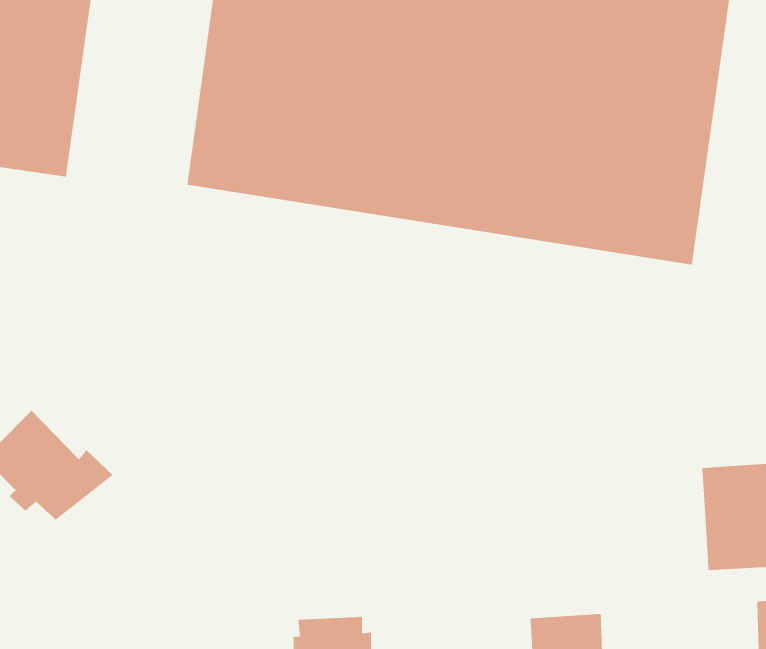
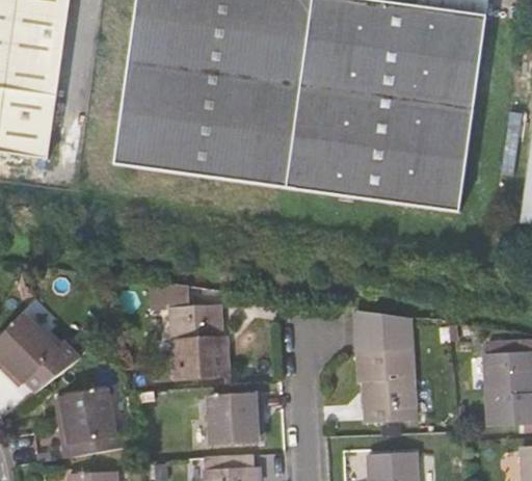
building: none -> [133,286,224,378]
building: none -> [353,311,411,422]
building: none -> [66,389,129,455]
building: none -> [204,394,257,446]

